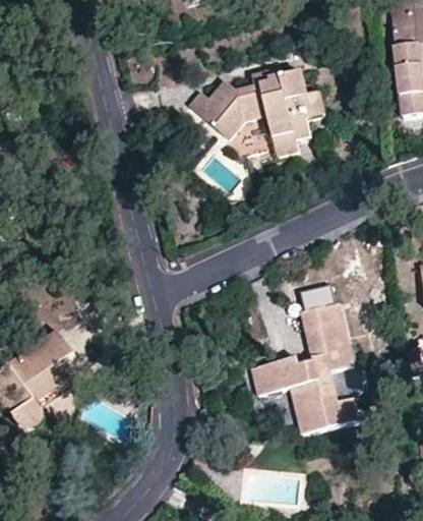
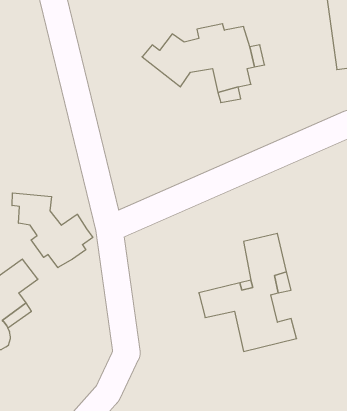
building: none -> [12,193,93,268]

